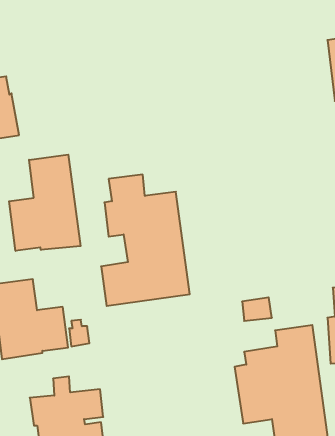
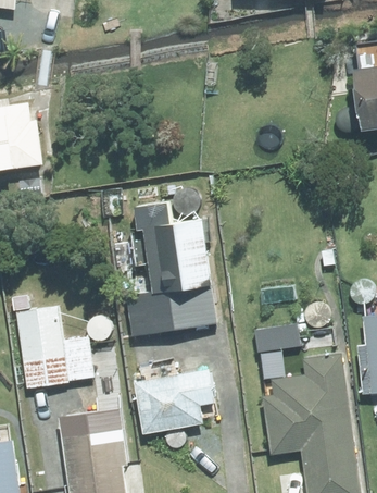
building: [9,155,81,251] -> none
building: none -> [133,371,213,434]

